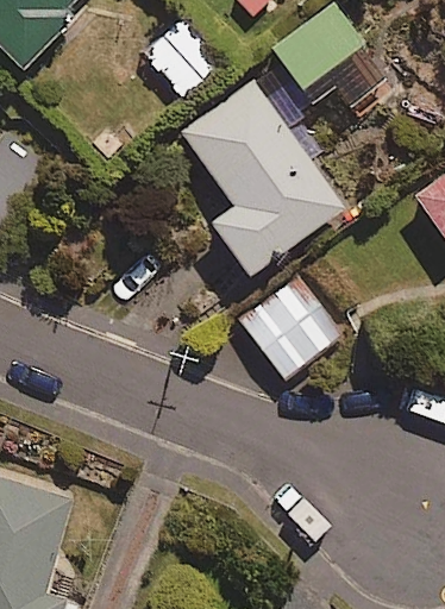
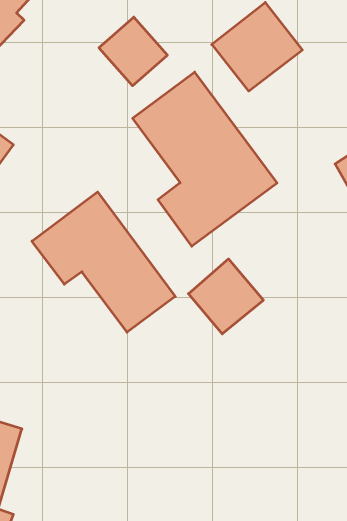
building: none -> [32,192,175,332]

